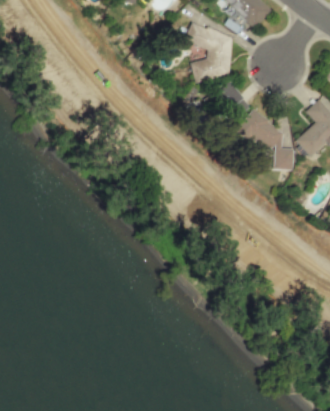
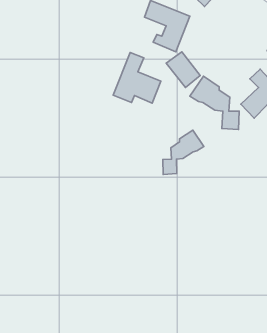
building: none -> [113,53,161,103]
building: none -> [163,130,204,174]

